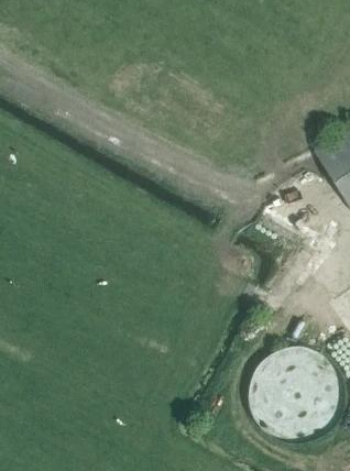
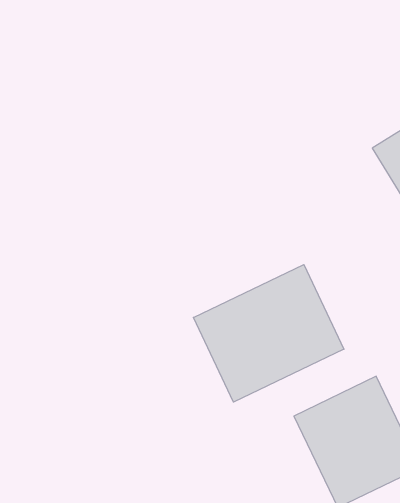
building: none -> [193,265,344,402]

